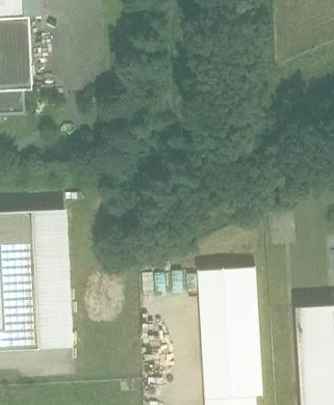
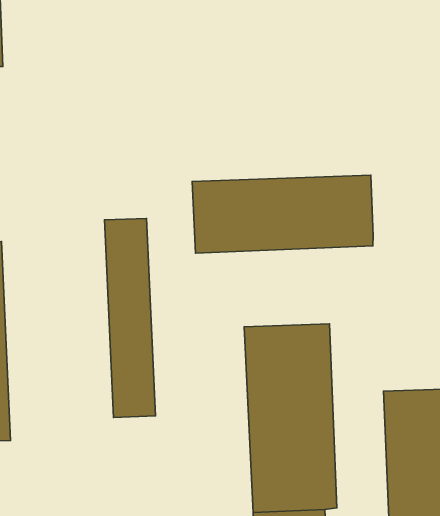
building: none -> [192,175,373,253]
building: [33,209,69,347] -> [105,218,156,417]

